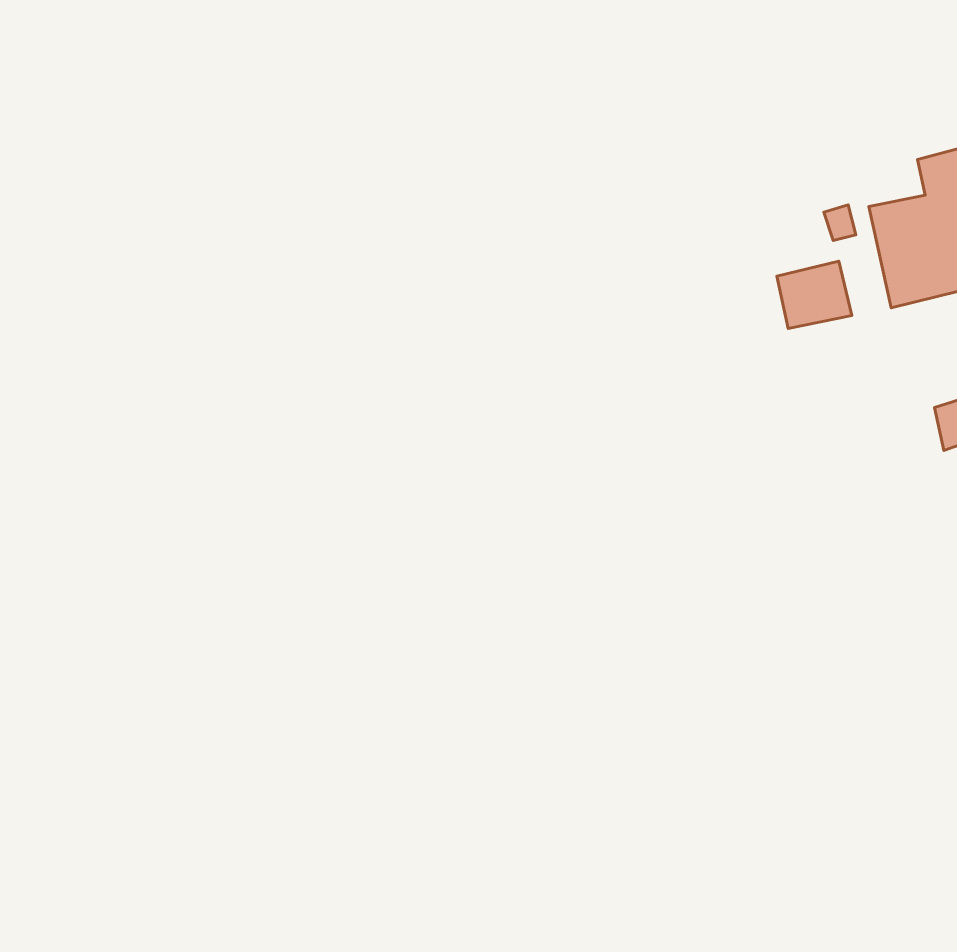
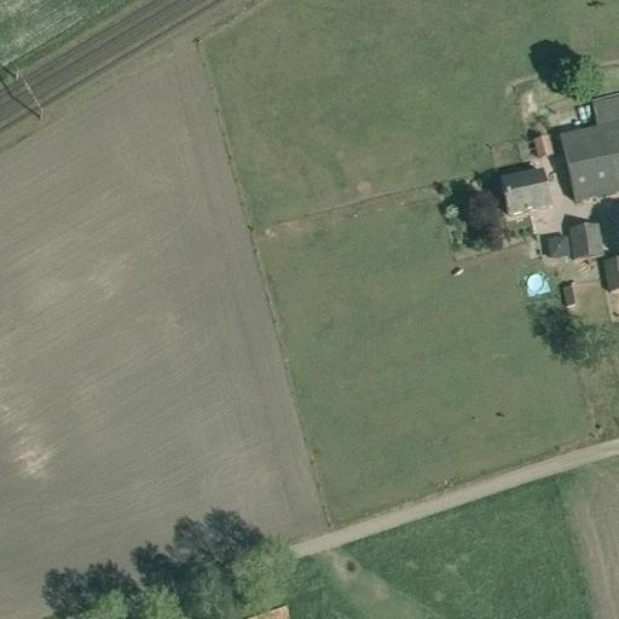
building: none -> [569,224,601,259]

